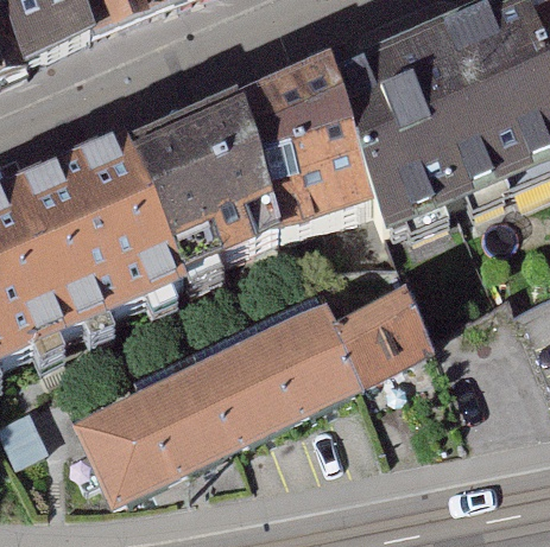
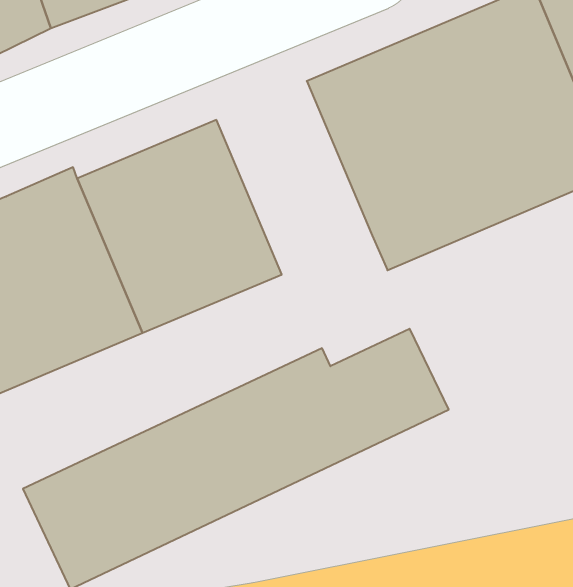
building: [233,75,366,240] -> none

